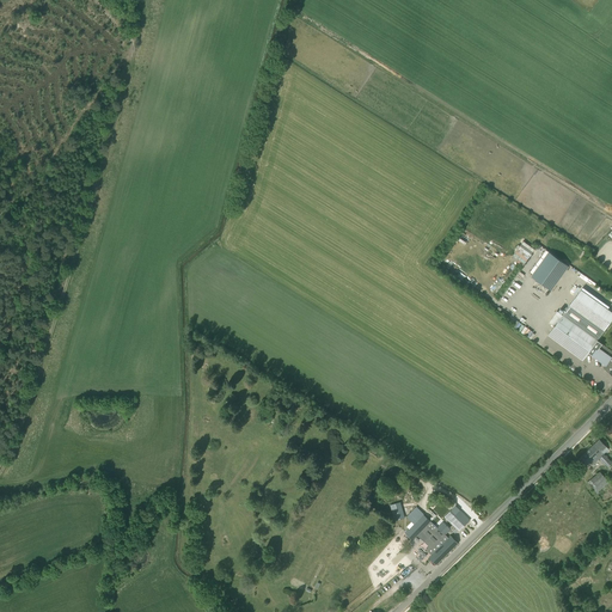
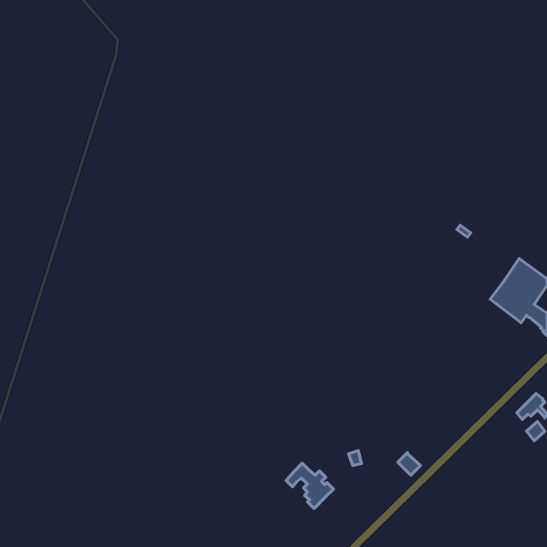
building: [530,251,567,289] -> none
building: [404,513,457,563] -> [286,463,333,508]

